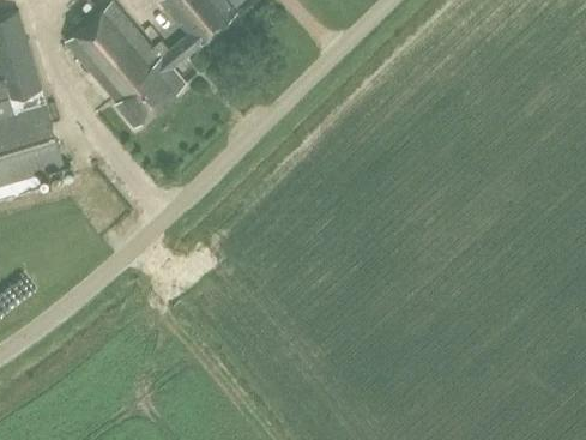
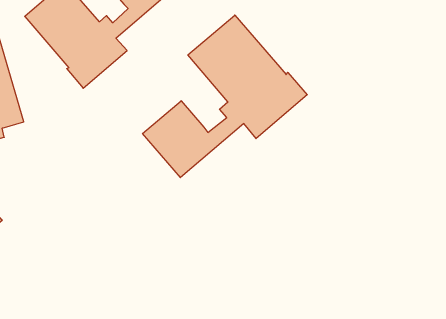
building: none -> [143,15,307,178]

